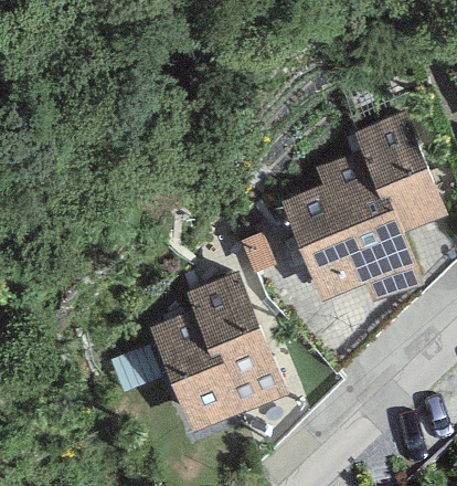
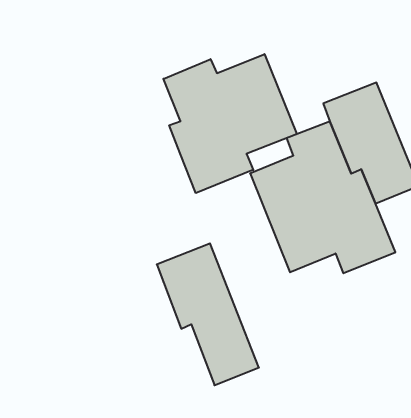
building: none -> [163,54,297,193]
building: [148,309,243,432] -> none

